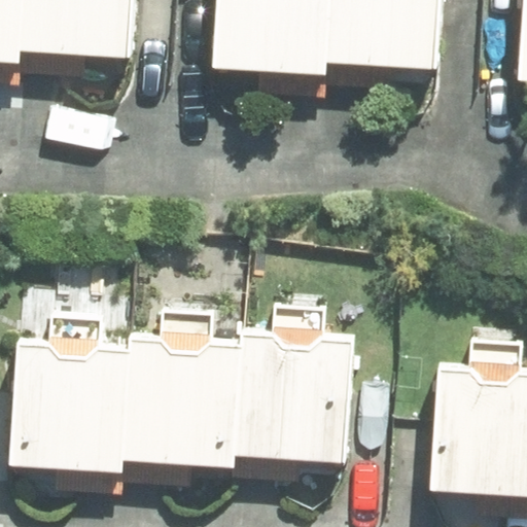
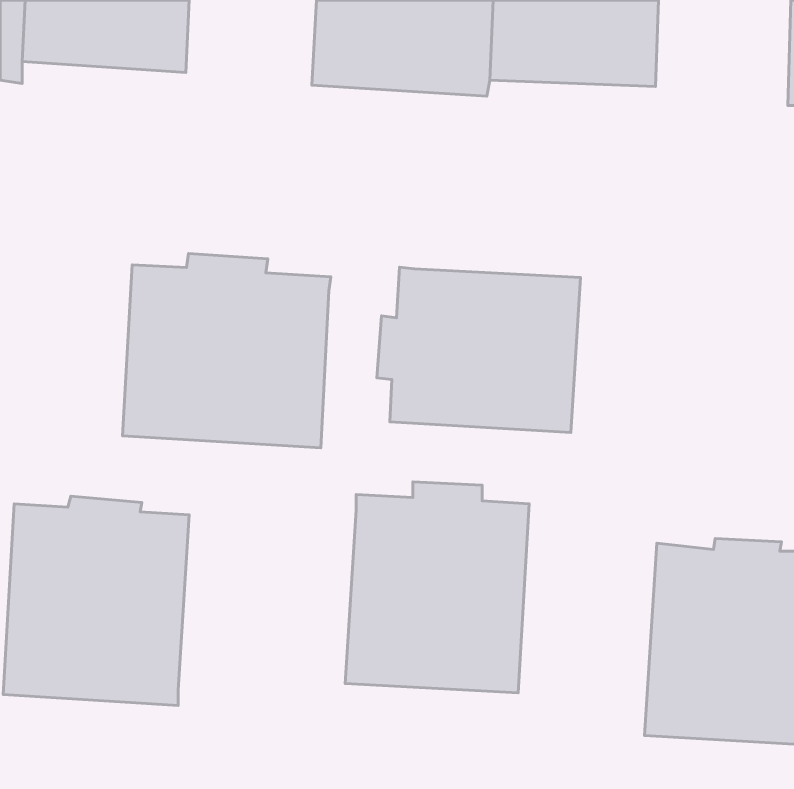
building: none -> [122,253,331,448]
building: none -> [377,267,580,432]
building: [124,332,240,467] -> none

